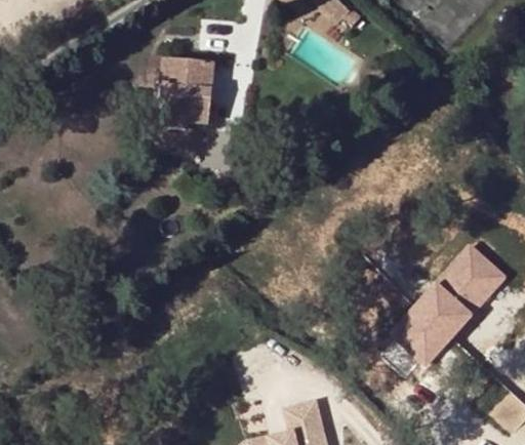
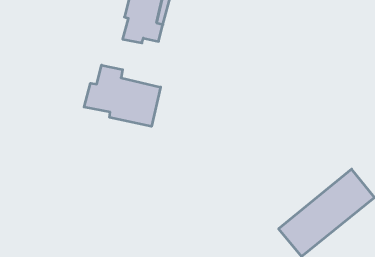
building: none -> [84,65,161,126]

